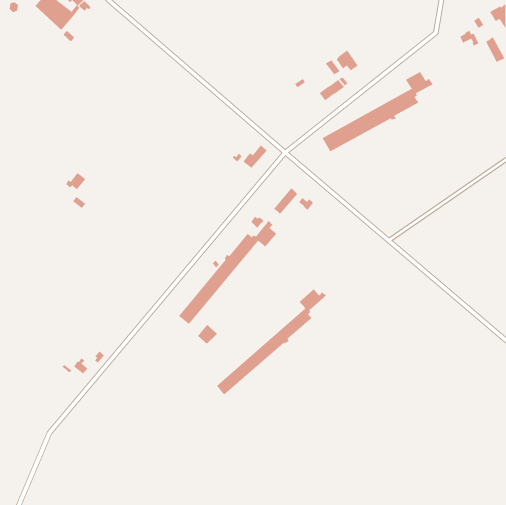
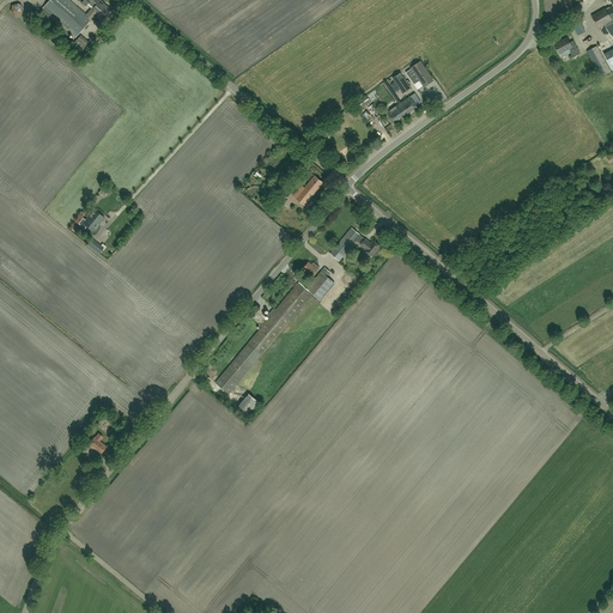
building: [322,71,434,152] -> none
building: [216,288,327,396] -> none

